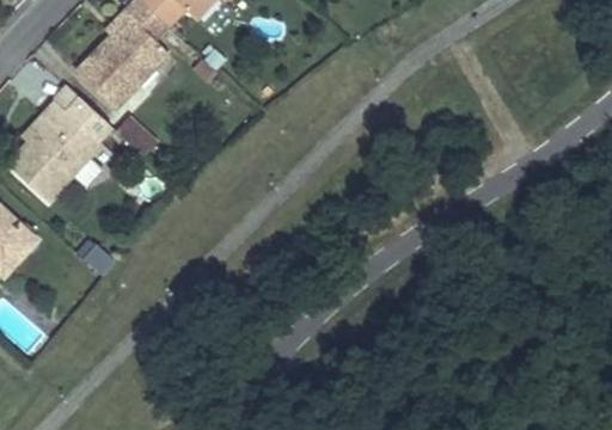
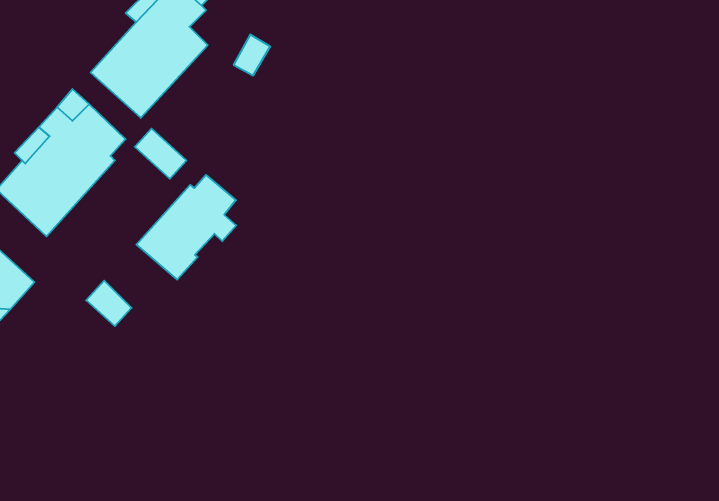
building: none -> [136,175,236,280]

